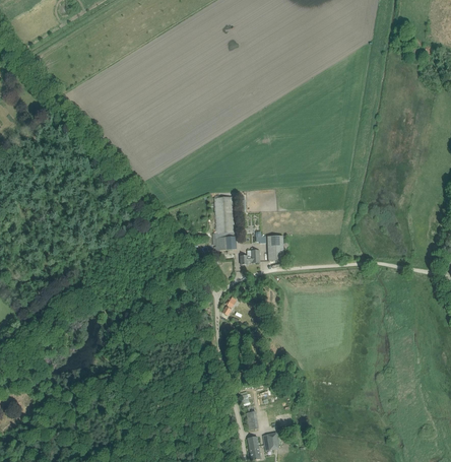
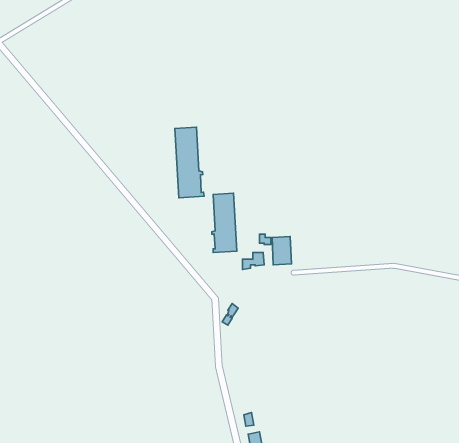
building: none -> [175,127,204,198]

